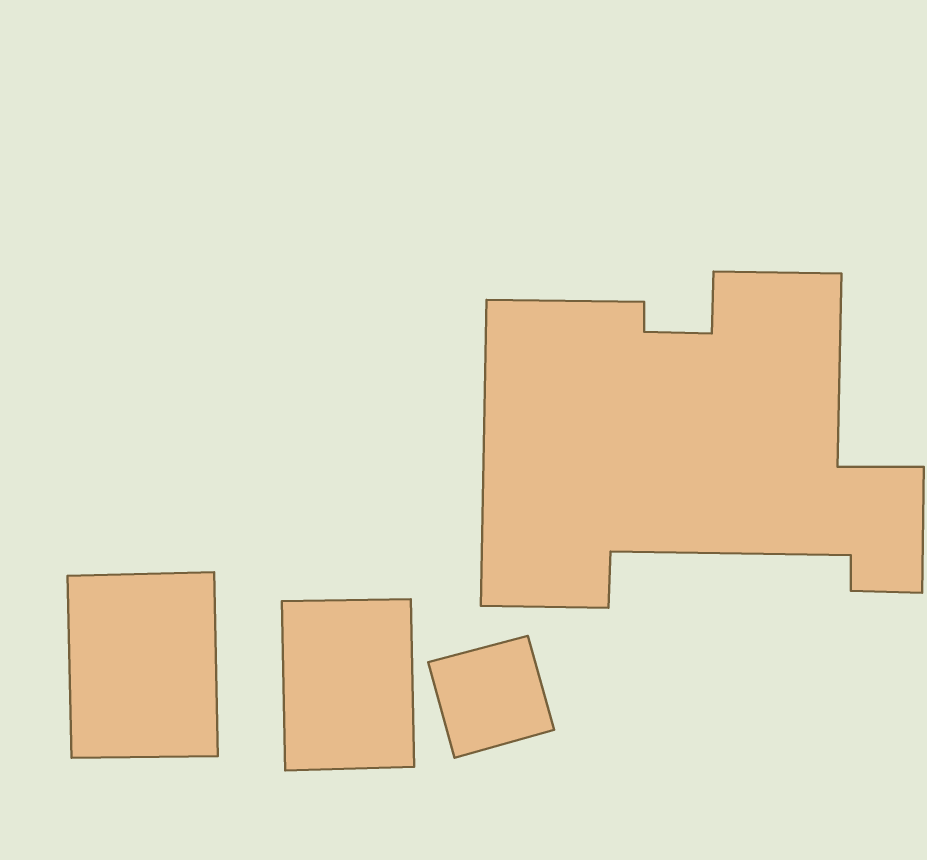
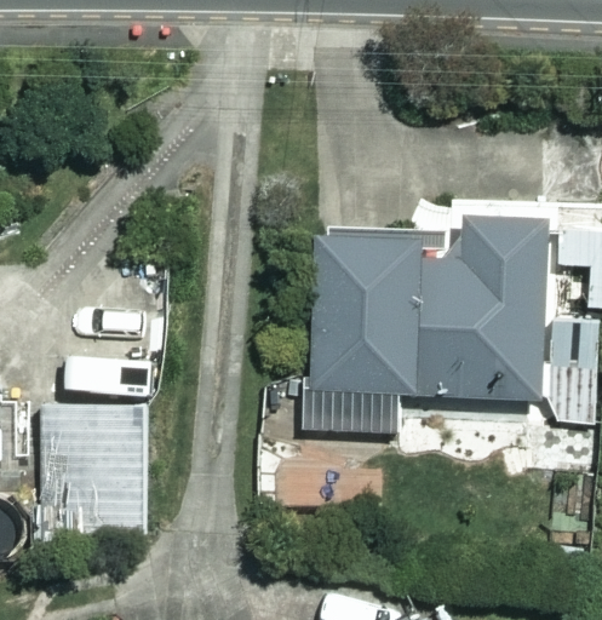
building: [282,599,414,771] -> none

